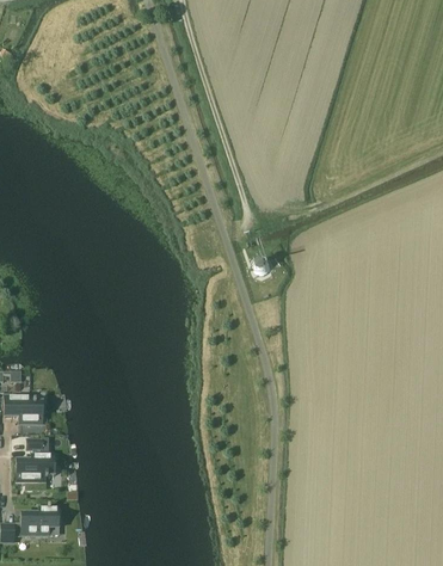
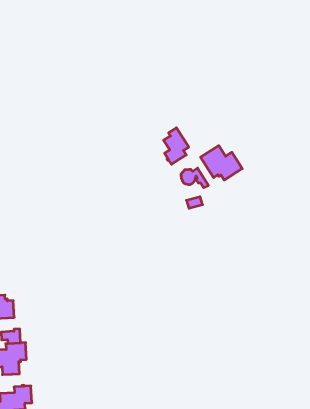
building: none -> [164,128,189,164]
building: none -> [201,146,242,180]

